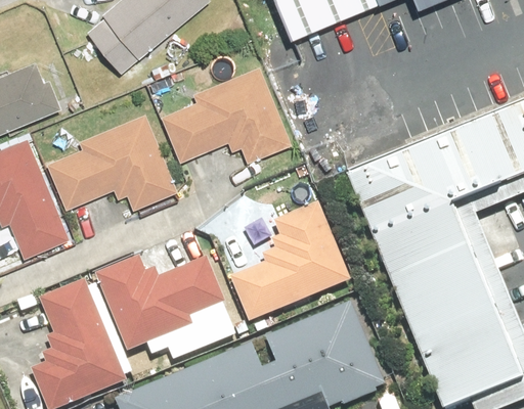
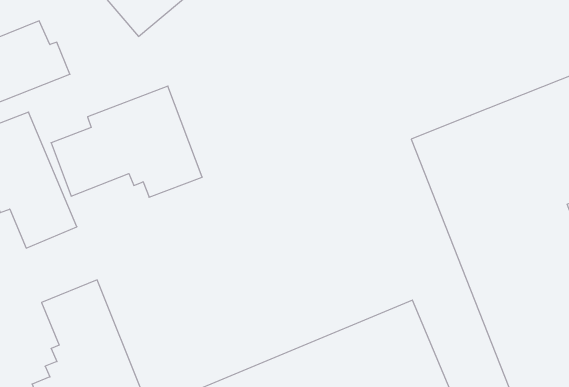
building: [160,69,293,165] -> none
building: [228,204,350,326] -> none
building: [94,258,236,362] -> none

